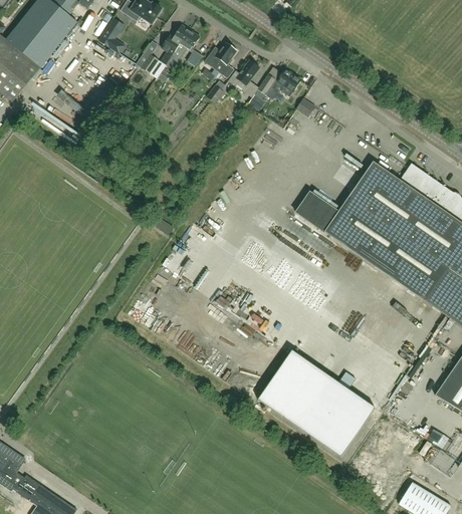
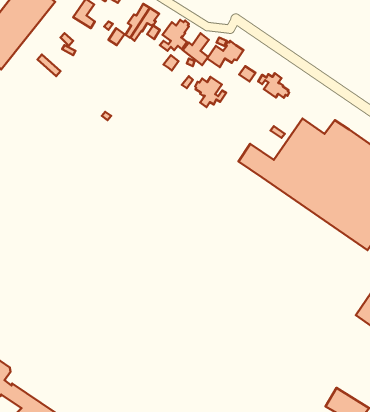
building: none -> [258,73,289,98]
building: none -> [195,77,226,107]
building: [259,348,377,456] -> none

